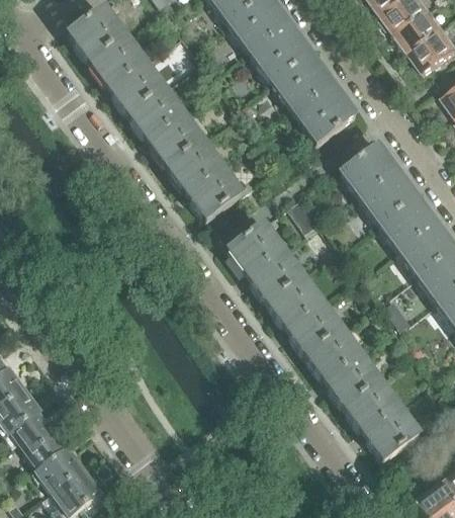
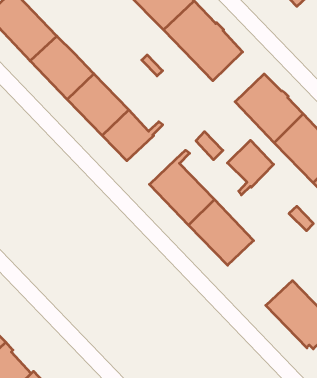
building: none -> [227,140,274,195]
building: [305,329,377,405] -> none

